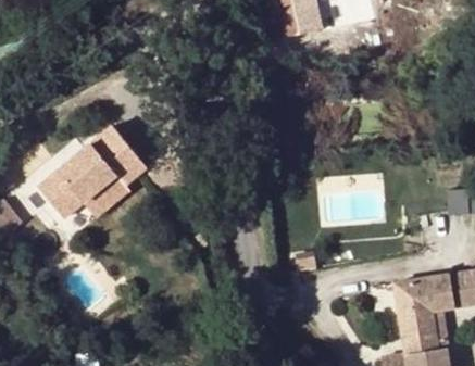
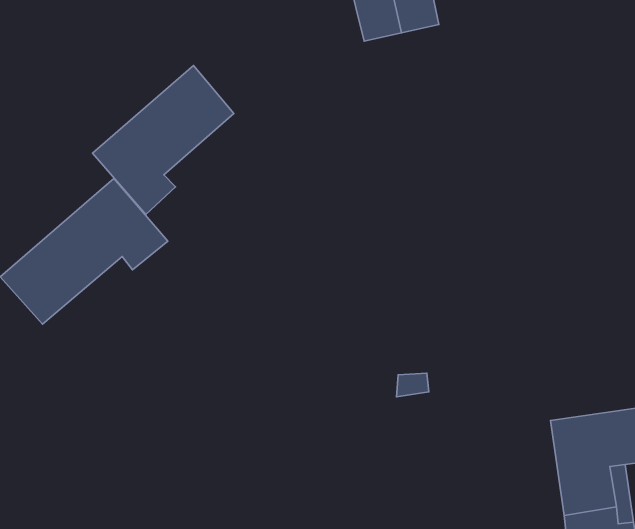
building: none -> [93,66,234,215]

